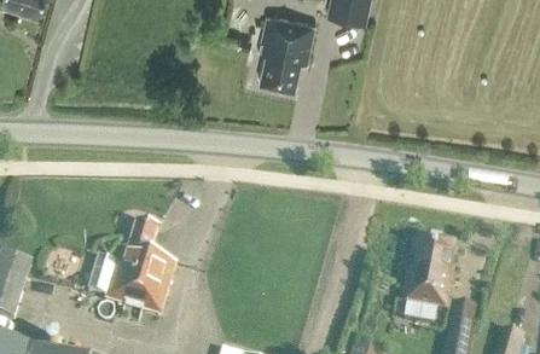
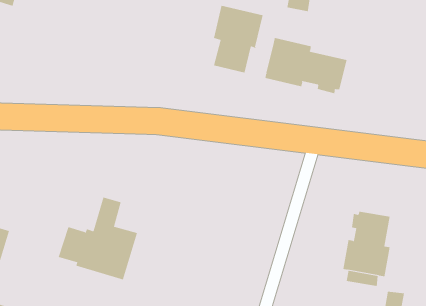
building: none -> [265,37,347,94]

